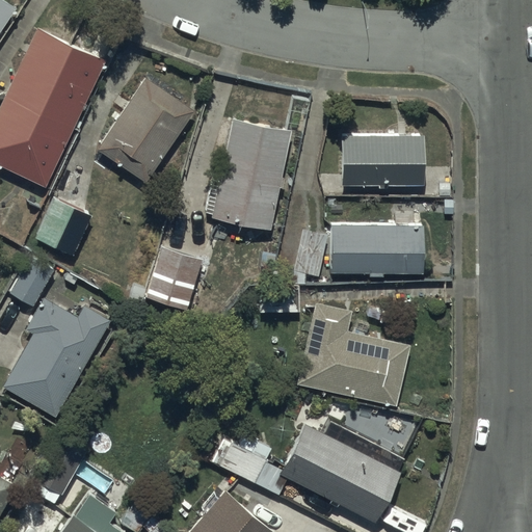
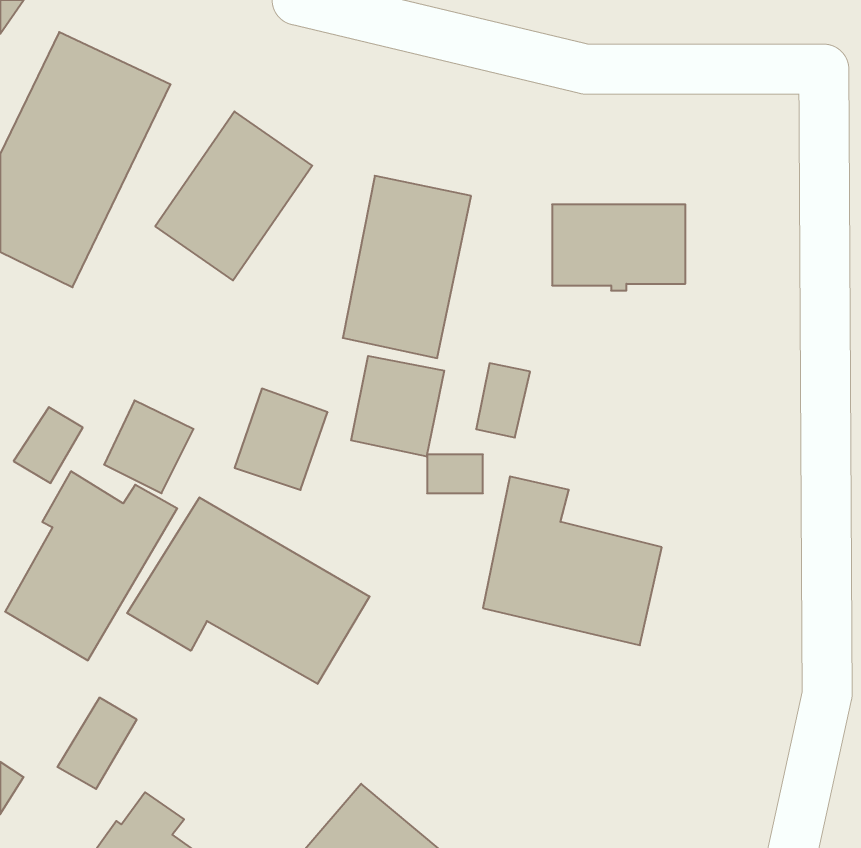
building: [35,198,90,256] -> [104,400,194,493]
building: [330,225,422,276] -> none
building: none -> [351,356,444,457]
building: none -> [127,497,370,684]
building: [209,424,401,523] -> none

